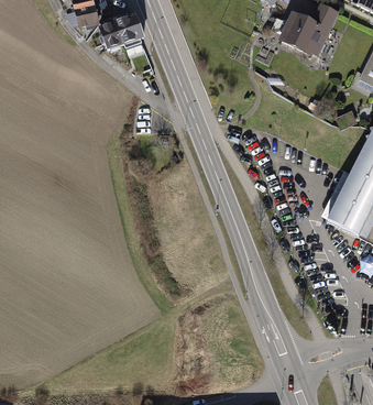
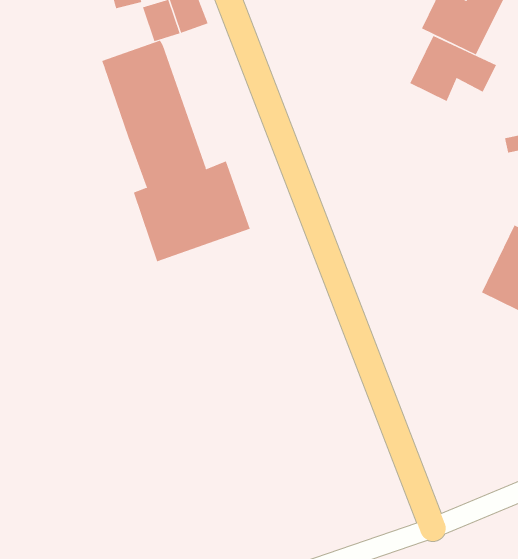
building: none -> [409,35,497,102]
building: none -> [102,40,250,262]

